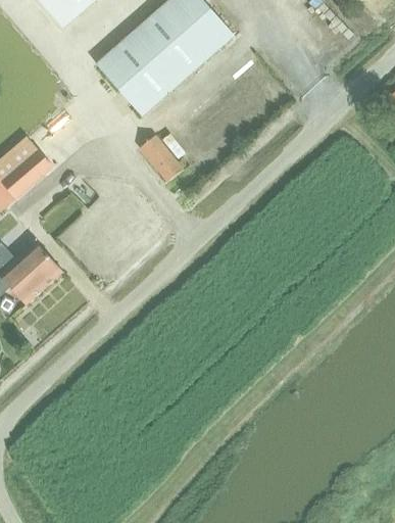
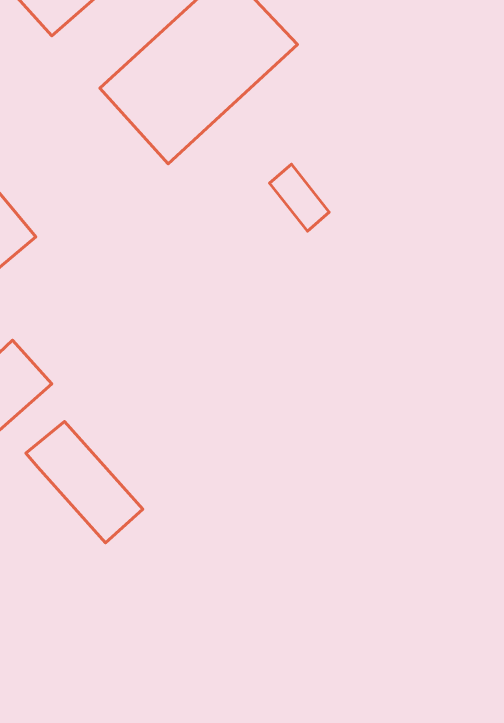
building: [141,134,183,181] -> [270,164,329,231]
building: none -> [26,421,143,543]

